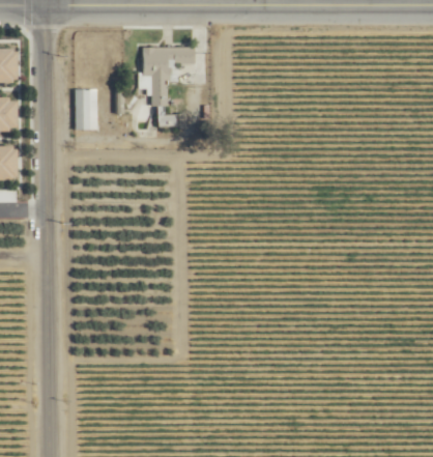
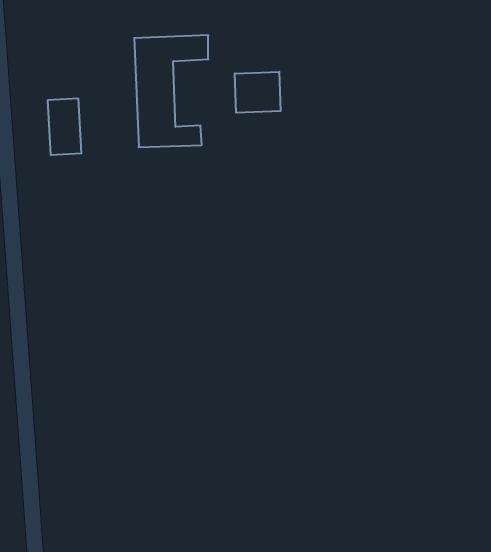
building: none -> [235,72,281,113]

